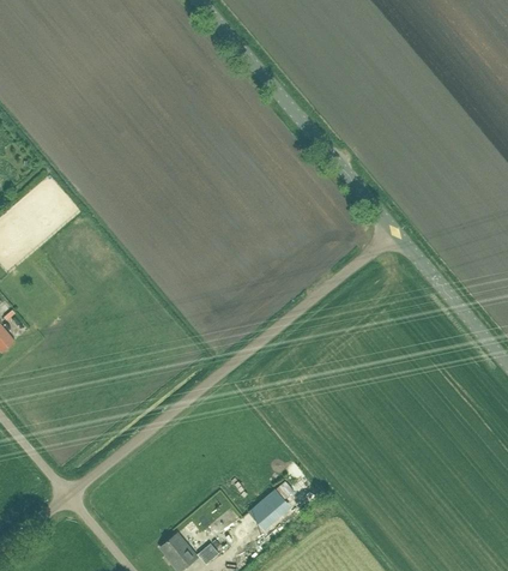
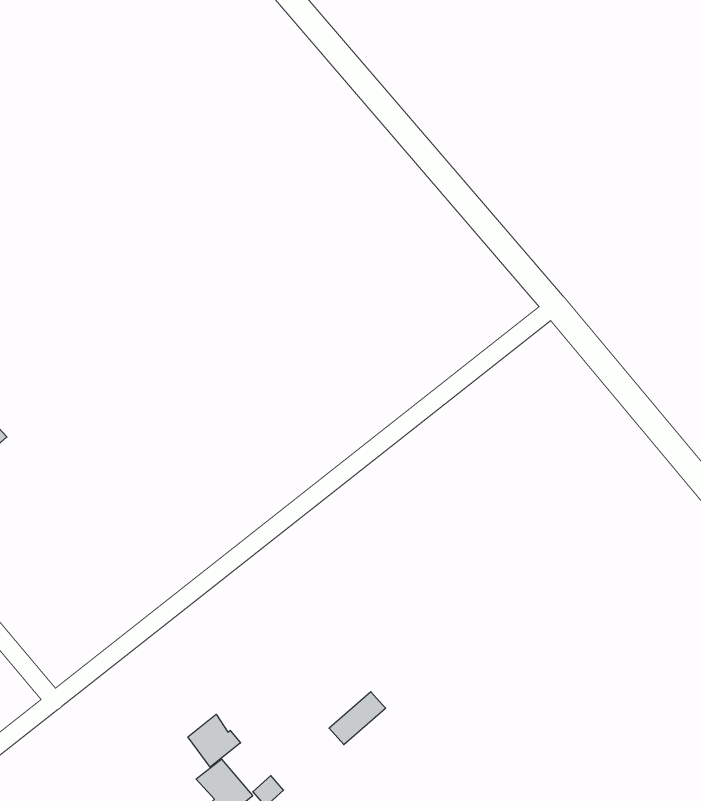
building: none -> [188,714,241,767]

